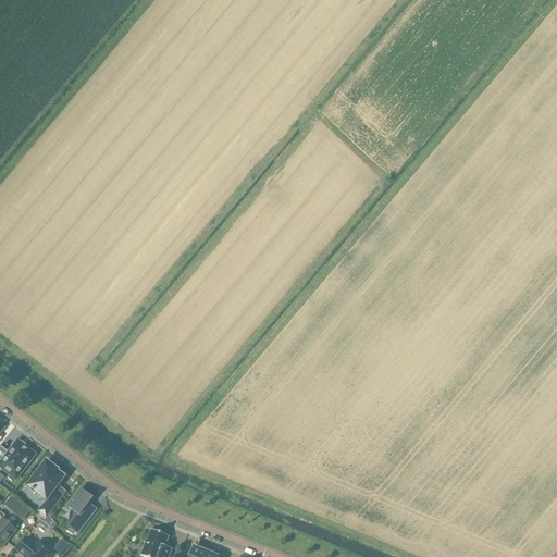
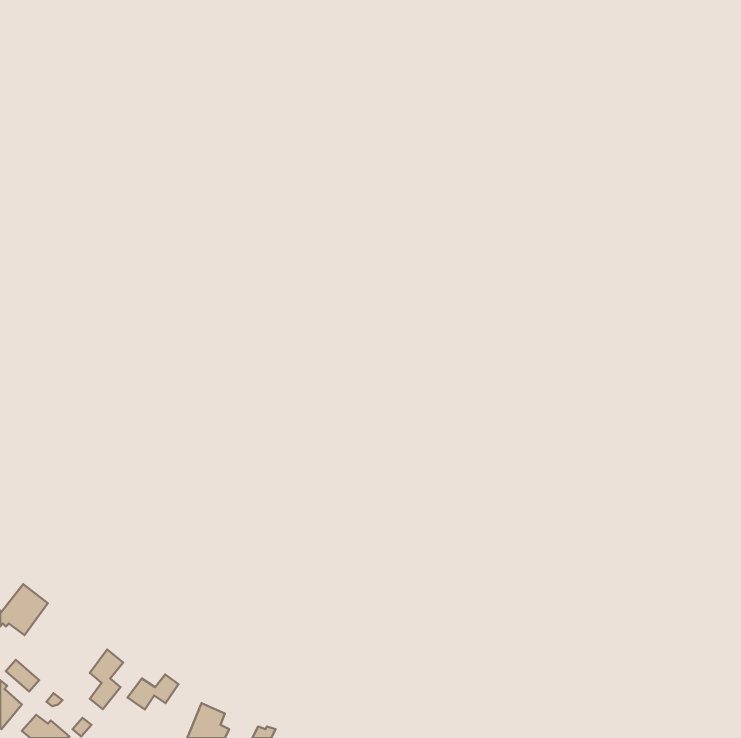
building: [27,460,63,509] -> none
building: none -> [128,674,179,710]

